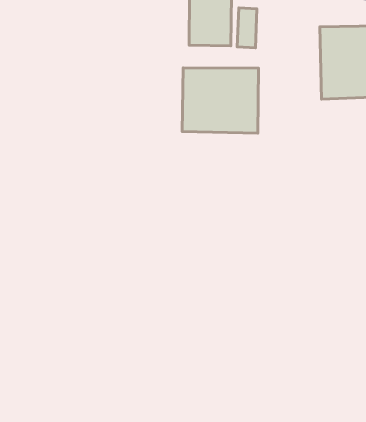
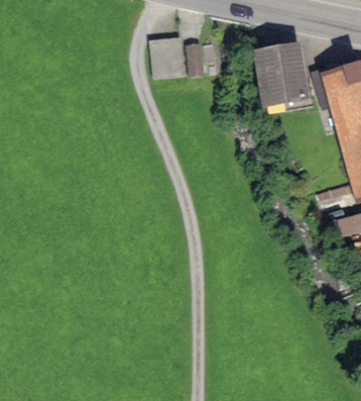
building: [182,68,258,133] -> none

